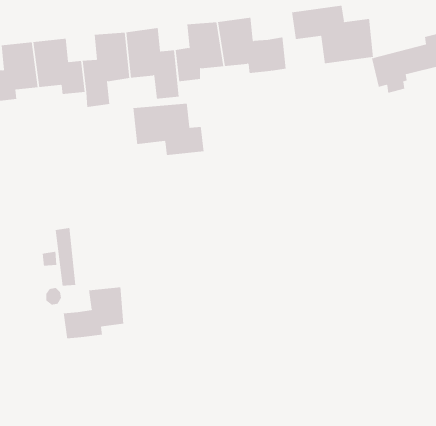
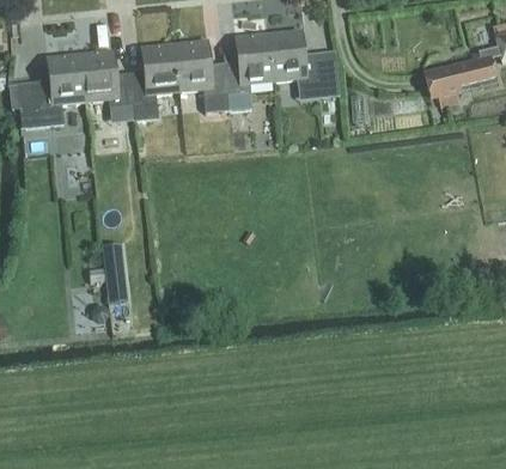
building: [292,5,374,64] -> none
building: [133,103,204,156] -> none
building: [63,287,124,339] -> none

